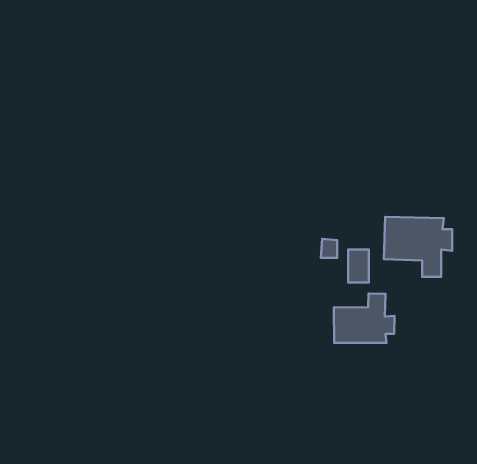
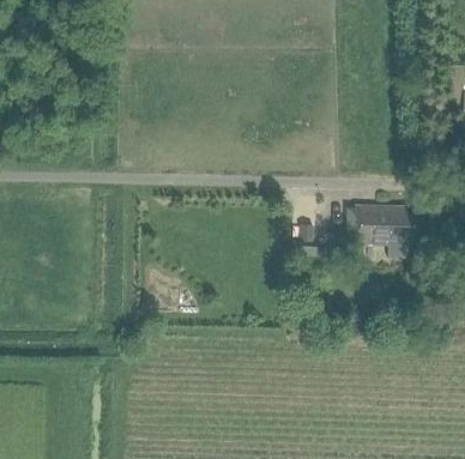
building: [334,294,395,343] -> none

